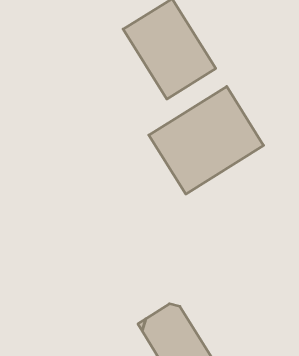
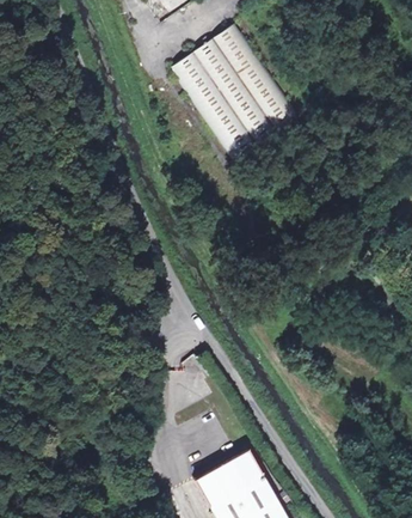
building: [149,86,264,194] -> none

